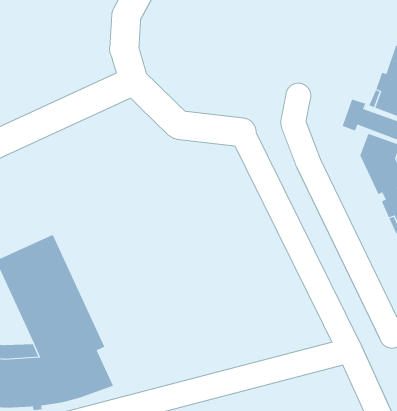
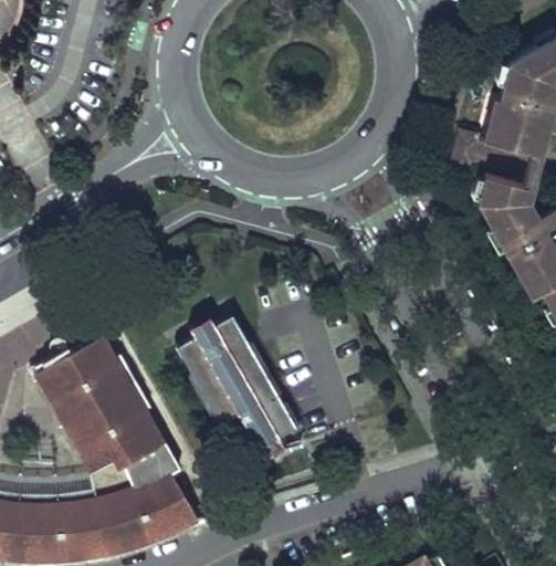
building: none -> [179,319,297,462]

